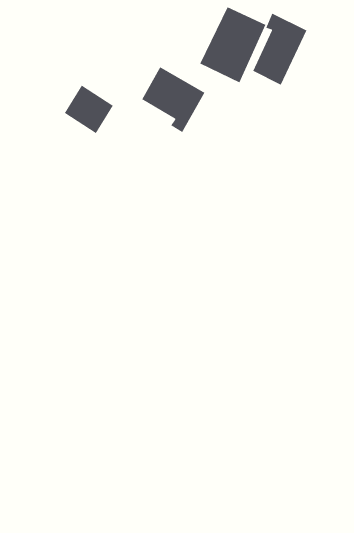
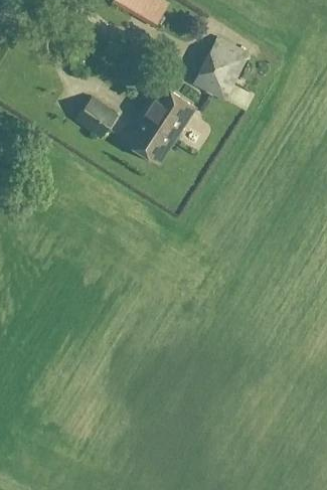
building: [252,13,308,86] -> none
building: none -> [122,111,174,164]

